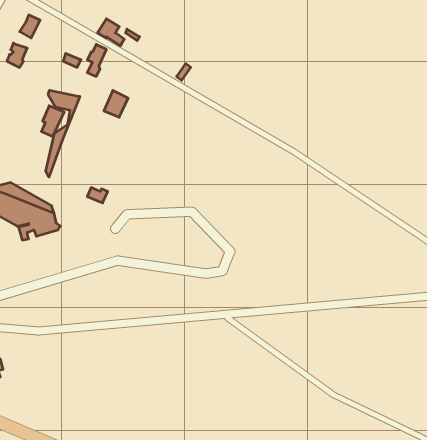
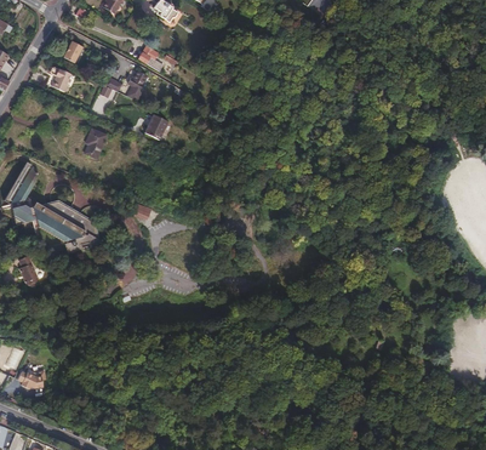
building: [46,90,80,177] -> none

